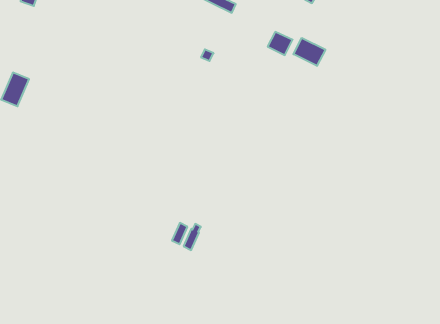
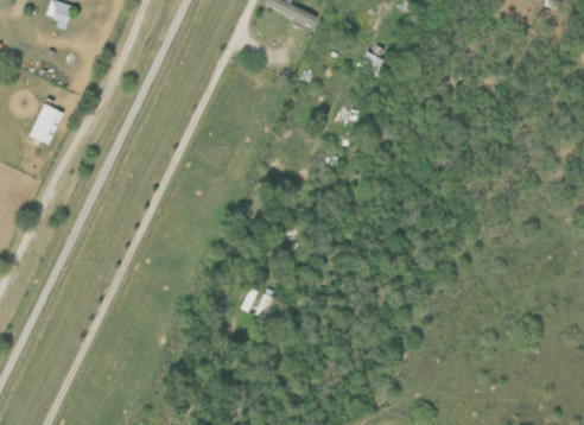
building: [293,38,325,66] -> none

